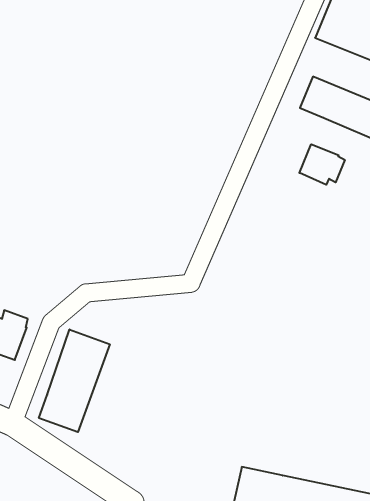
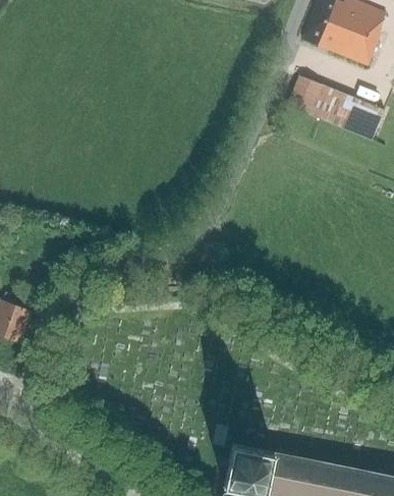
building: [299,144,345,185] -> none
building: [39,329,110,432] -> none

